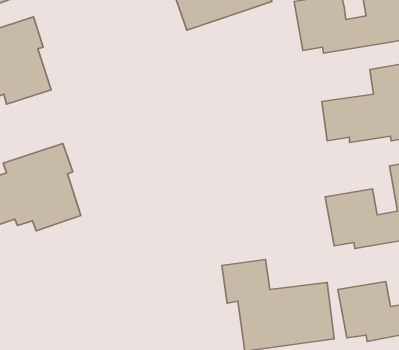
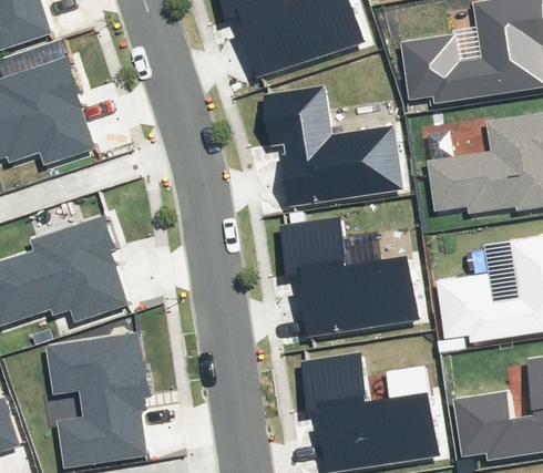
building: none -> [262,83,408,208]
building: none -> [281,219,420,332]
building: none -> [45,333,147,464]

